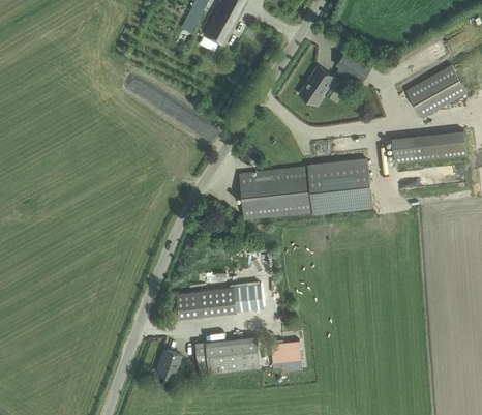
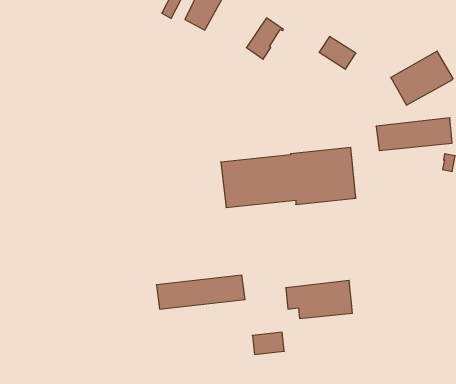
building: [298,64,334,105] -> [246,18,283,59]
building: [194,335,260,373] -> [286,280,352,319]
building: [156,349,181,377] -> none

